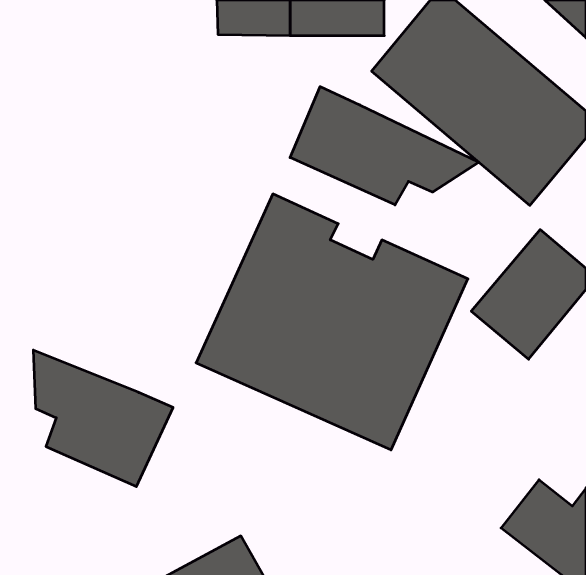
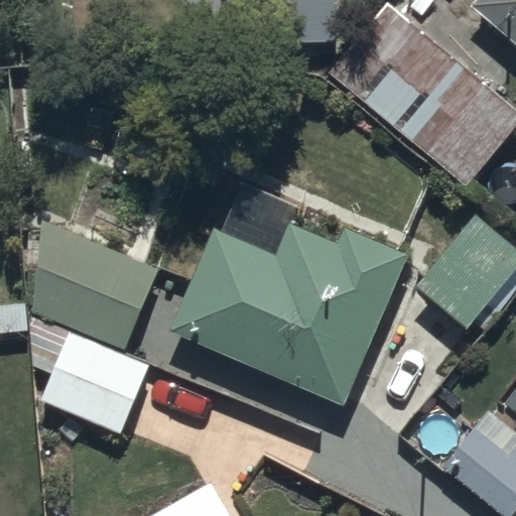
building: [290,87,479,205] -> none
building: none -> [28,223,159,355]

